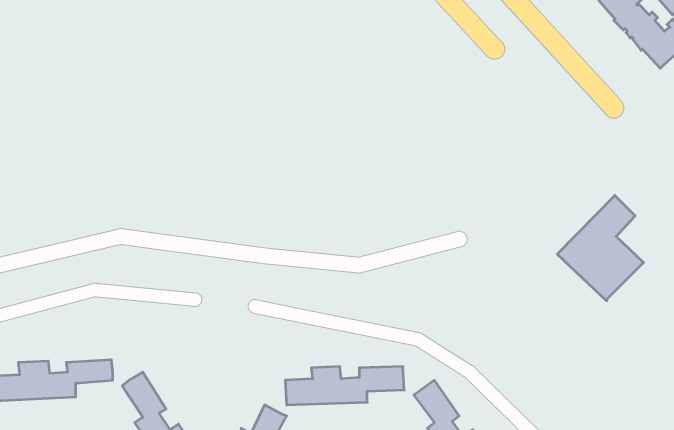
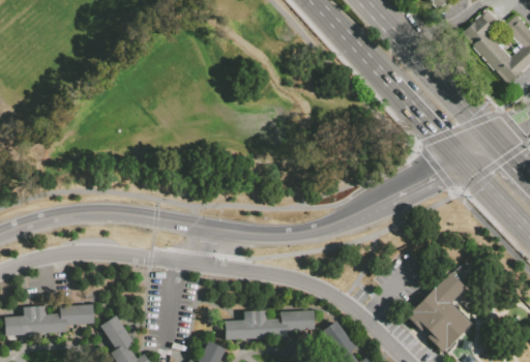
building: [557,195,644,301] -> [406,272,471,352]

